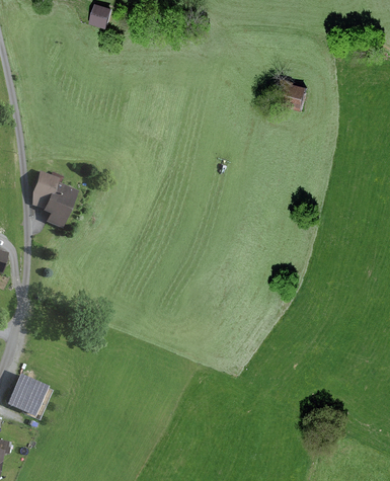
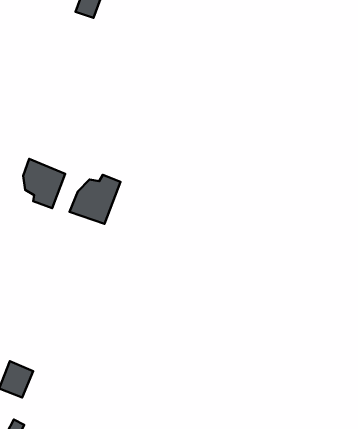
building: [280,83,305,109] -> none
building: none -> [70,175,121,224]

